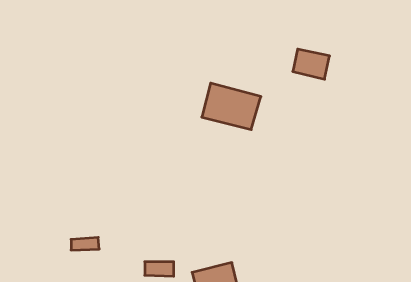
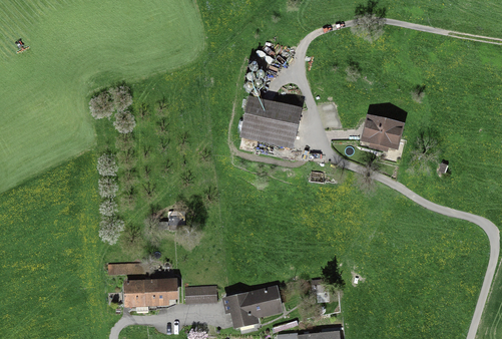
building: [293,49,330,79] -> [364,115,402,146]
building: none -> [125,280,172,302]

